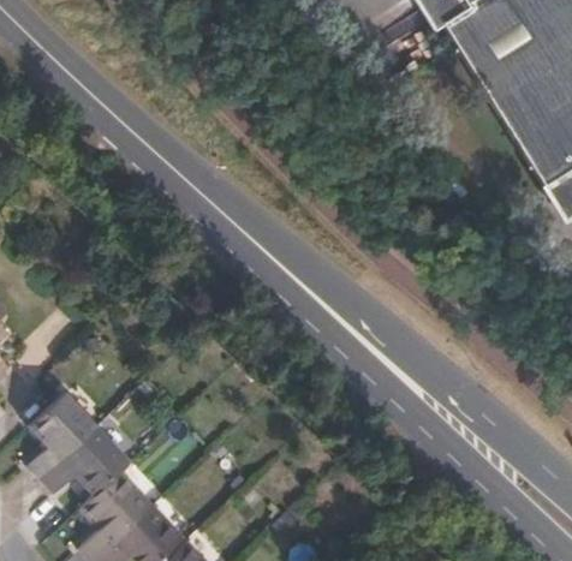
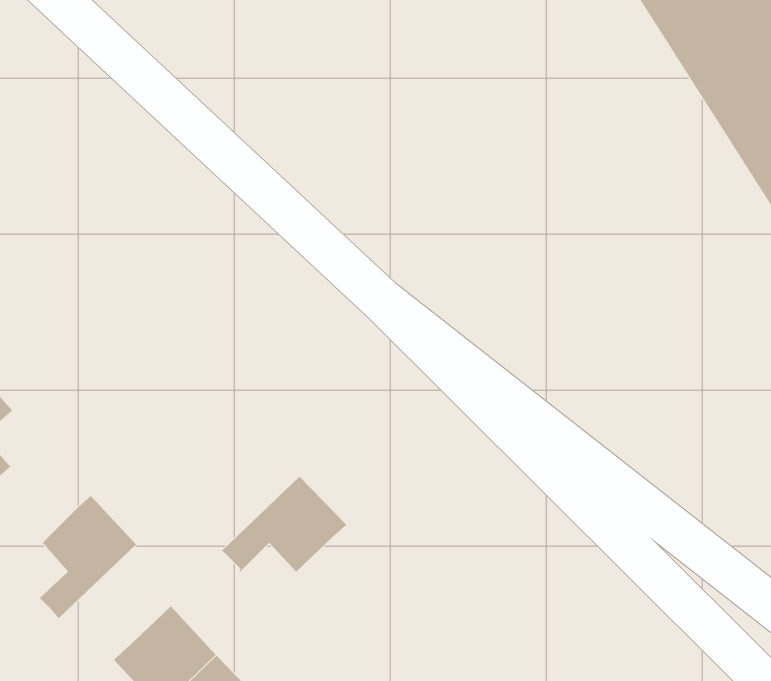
building: [42,428,131,496] -> [221,476,347,572]

